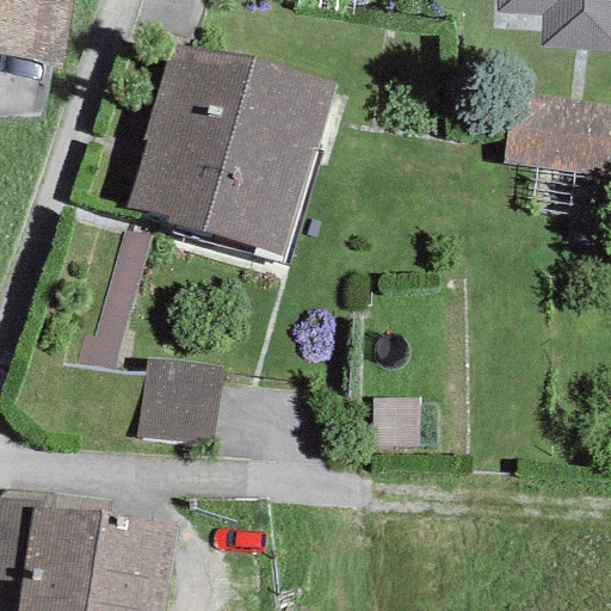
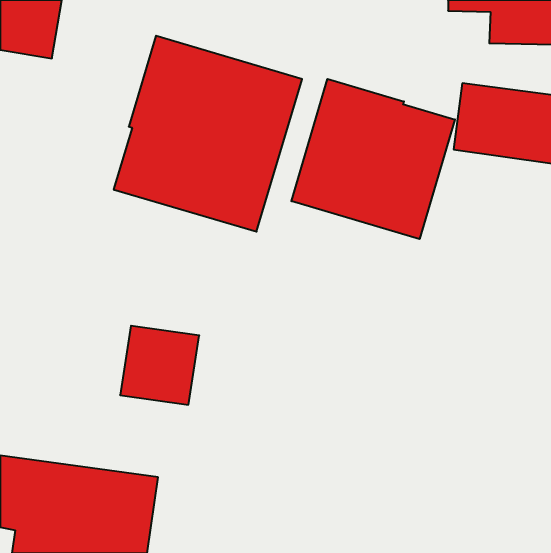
building: none -> [291,79,455,239]

